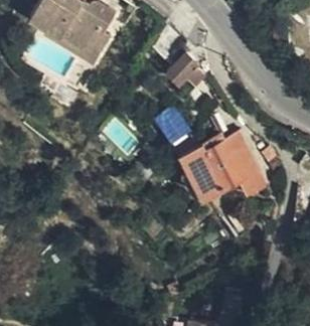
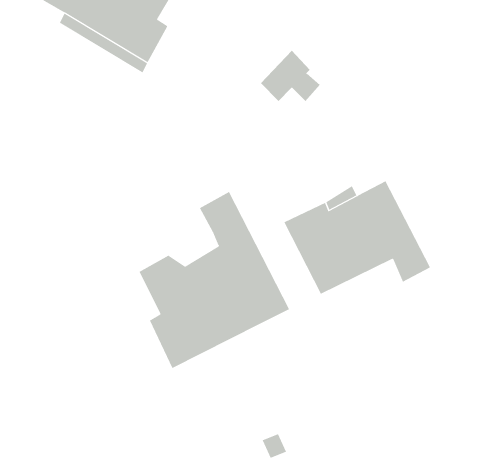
building: none -> [139,191,290,369]

